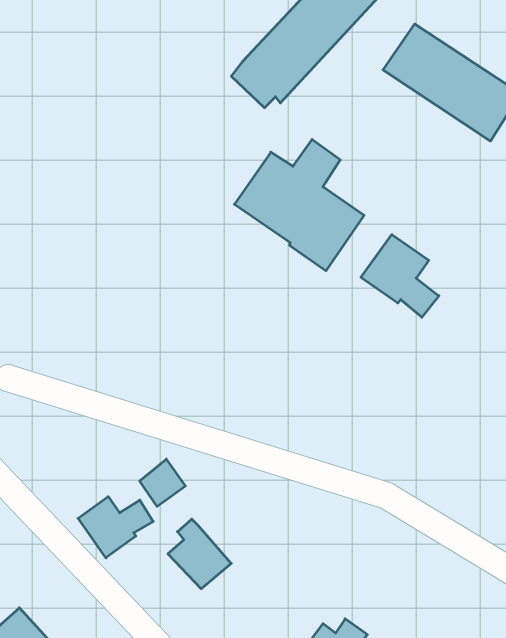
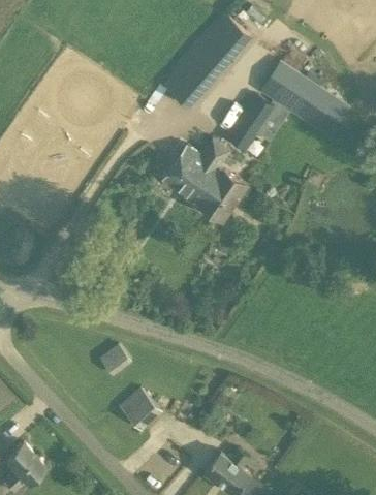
building: none -> [228,95,275,149]
building: [361,235,439,317] -> none
building: [78,497,153,558] -> none

